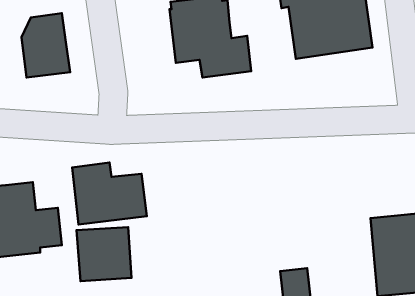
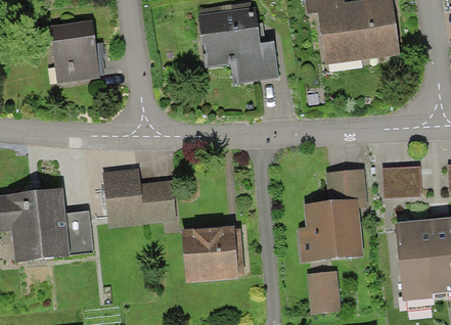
building: none -> [384,166,422,197]
building: none -> [300,169,366,260]
building: [76,227,131,281] -> [183,228,237,281]

